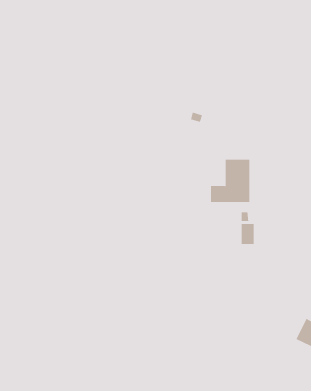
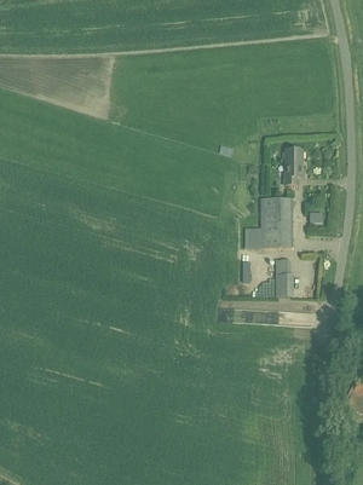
building: none -> [282,149,300,184]

